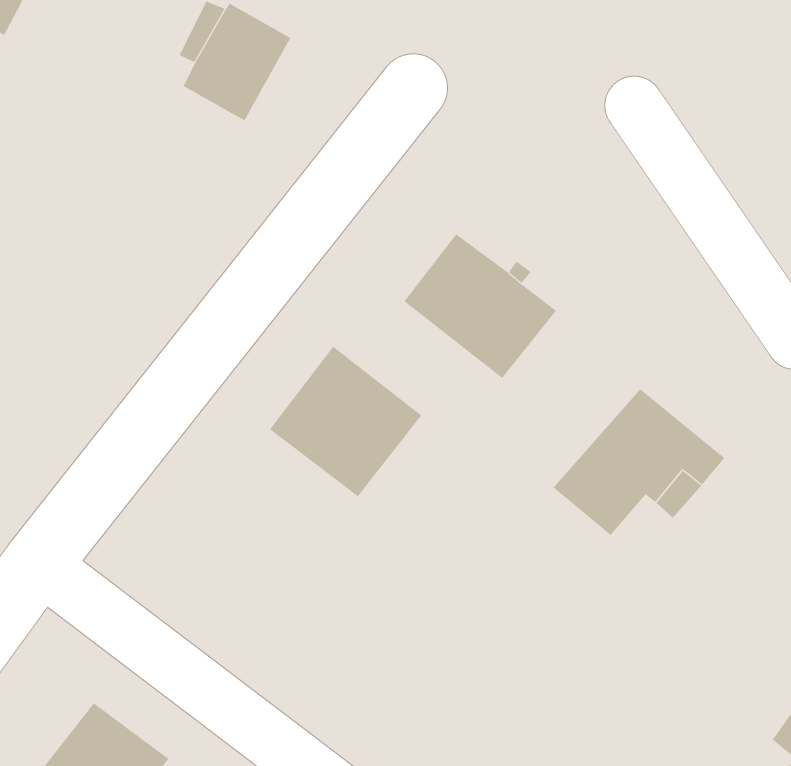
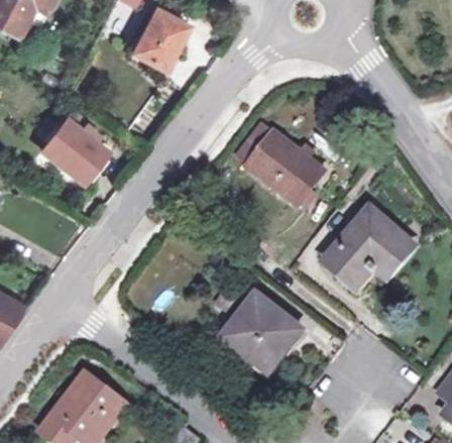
building: none -> [41,109,109,184]
building: [269,346,422,497] -> [222,293,302,371]

